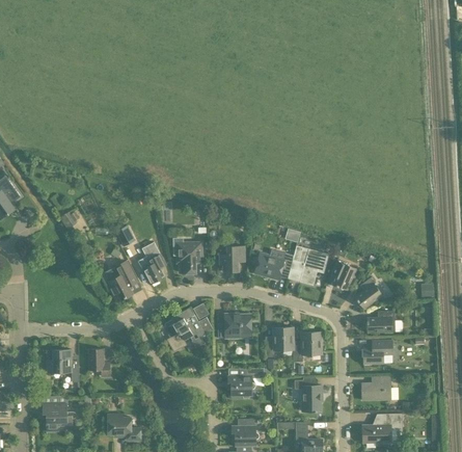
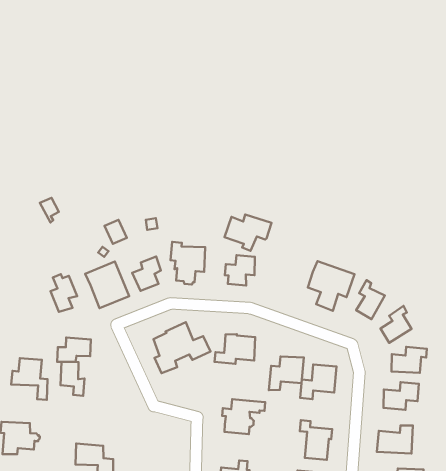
building: [255,249,294,280] -> [225,214,272,251]
building: none -> [50,274,77,312]
building: none -> [57,338,91,362]

